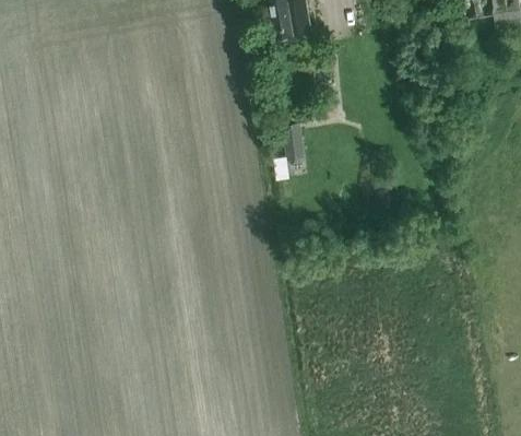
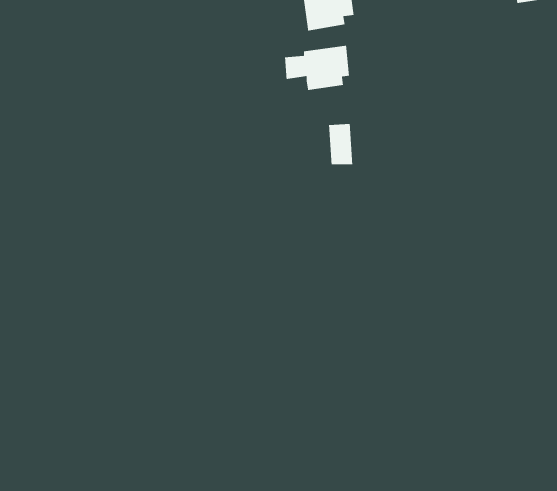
building: none -> [284,45,350,91]

